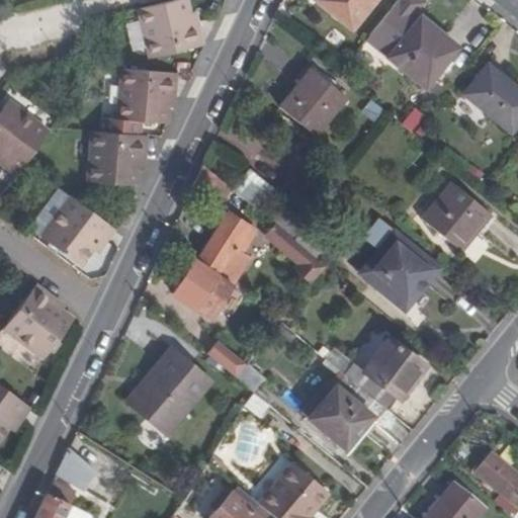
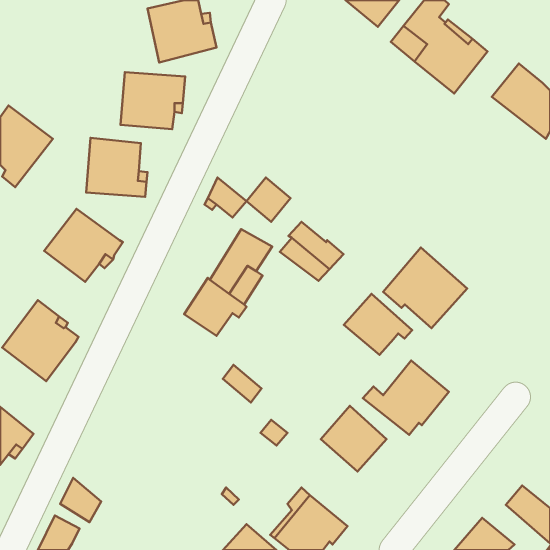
building: [286,75,344,132] -> none
building: [422,178,492,248] -> none
building: none -> [344,294,412,355]
building: [126,349,211,437] -> none

